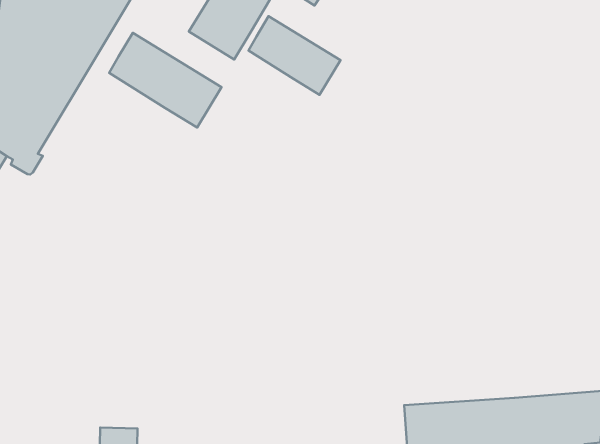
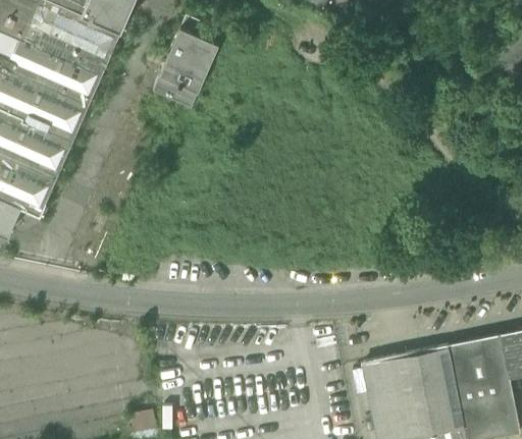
building: [248,16,341,95] -> none
building: [109,33,222,128] -> none

